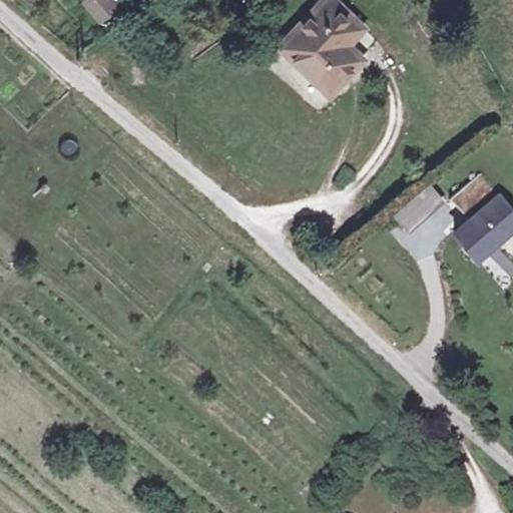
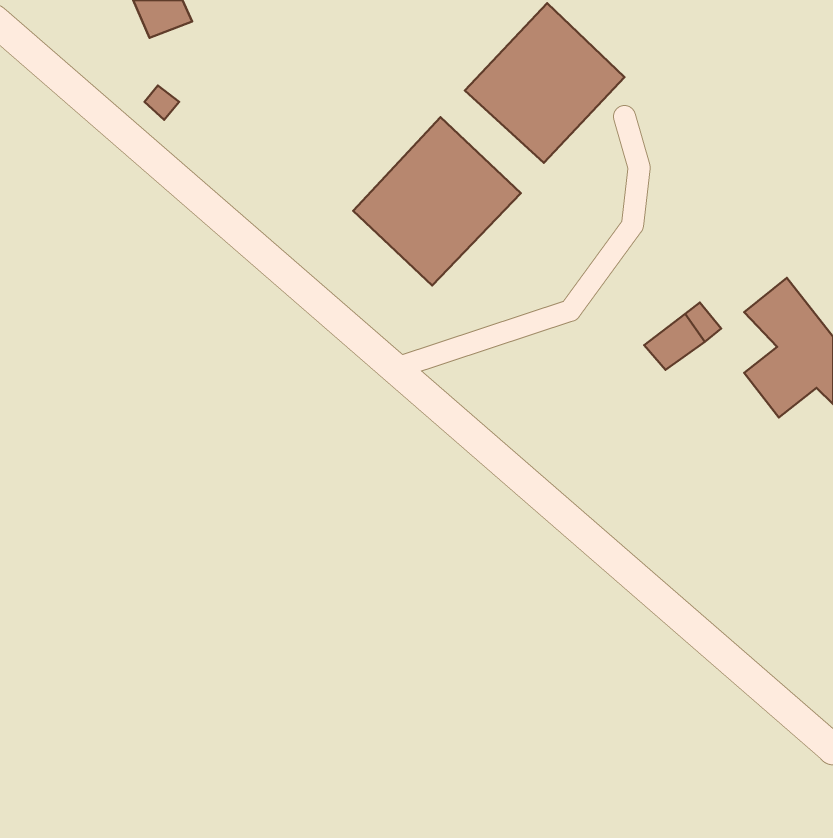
building: none -> [353,117,521,285]

